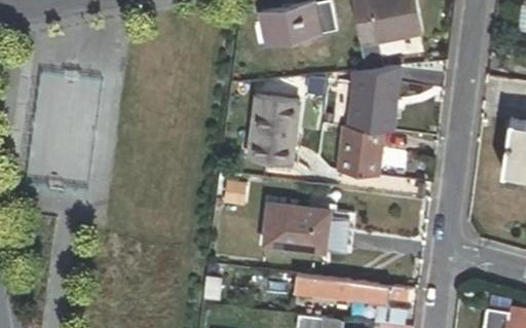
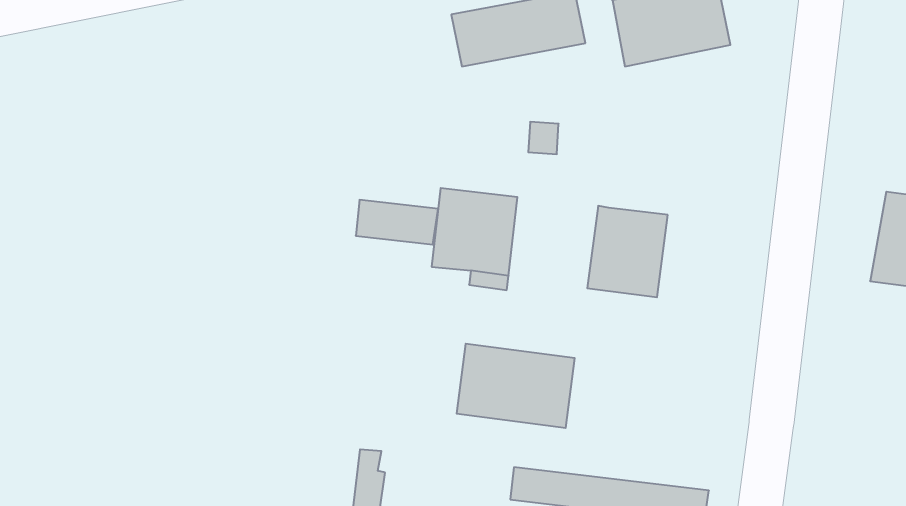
building: [350,65,398,132] -> none
building: [254,95,301,120] -> [356,200,438,245]

